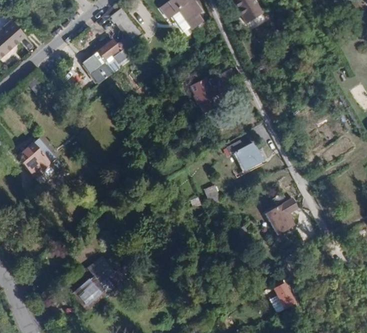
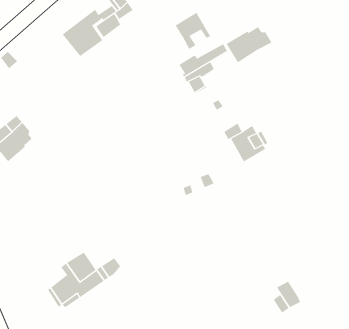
building: none -> [175,12,211,50]
building: none -> [226,26,272,63]
building: [266,197,299,234] -> none

